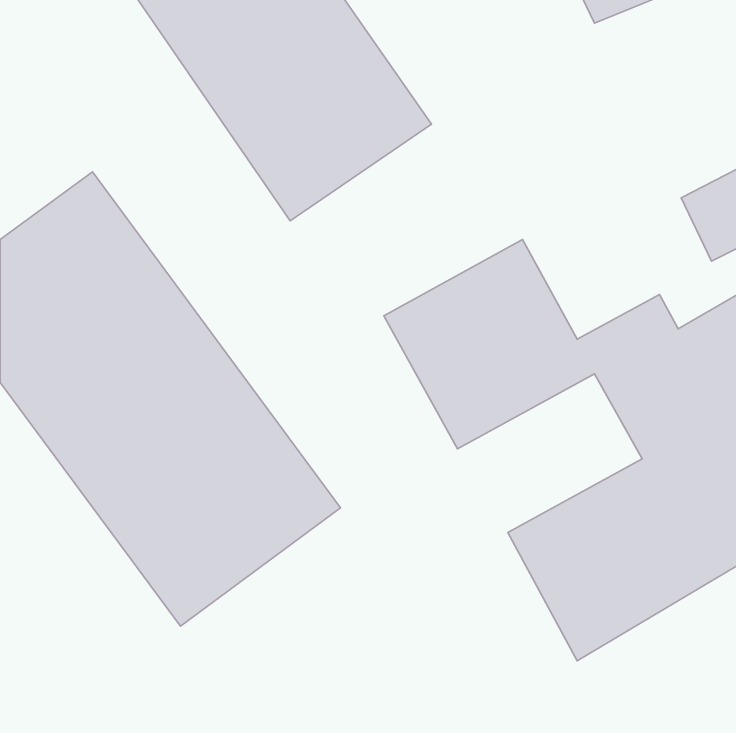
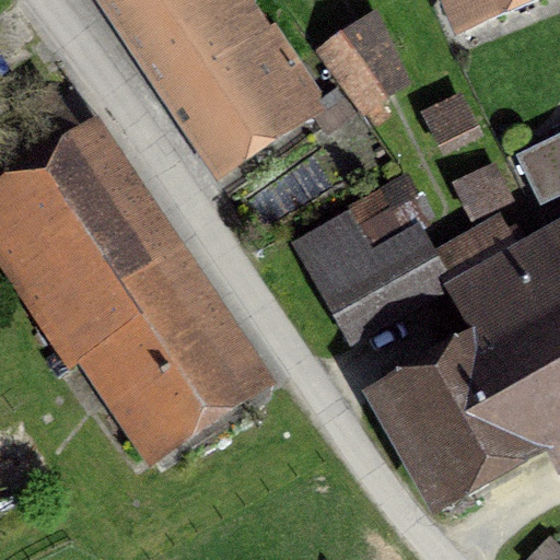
building: none -> [326,9,416,102]

